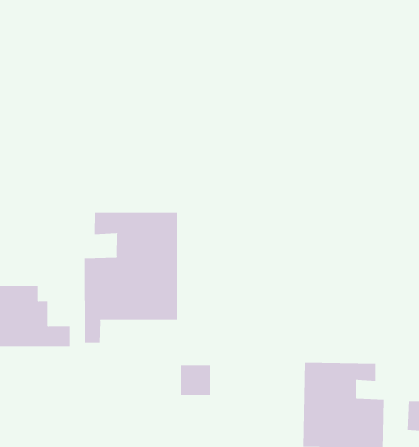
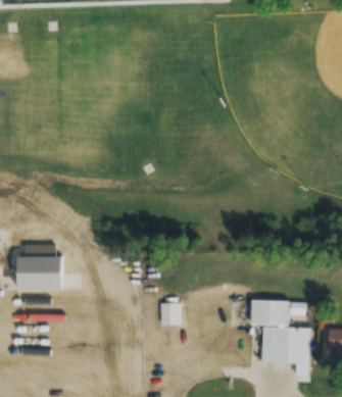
building: [84,212,178,344] -> none

